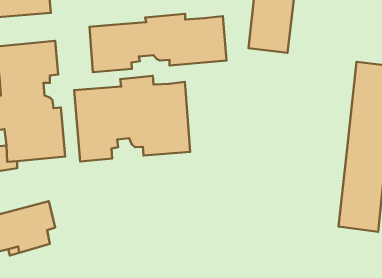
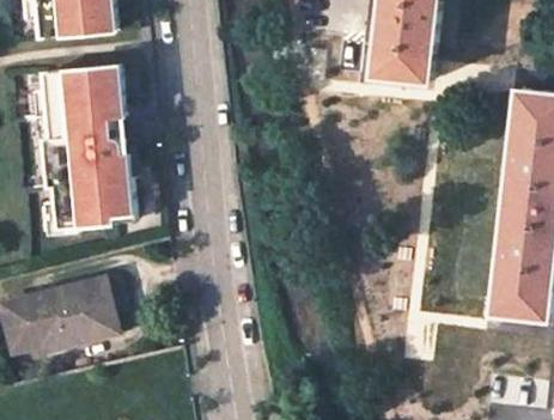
building: [89,14,226,72] -> none
building: [74,76,190,161] -> none

